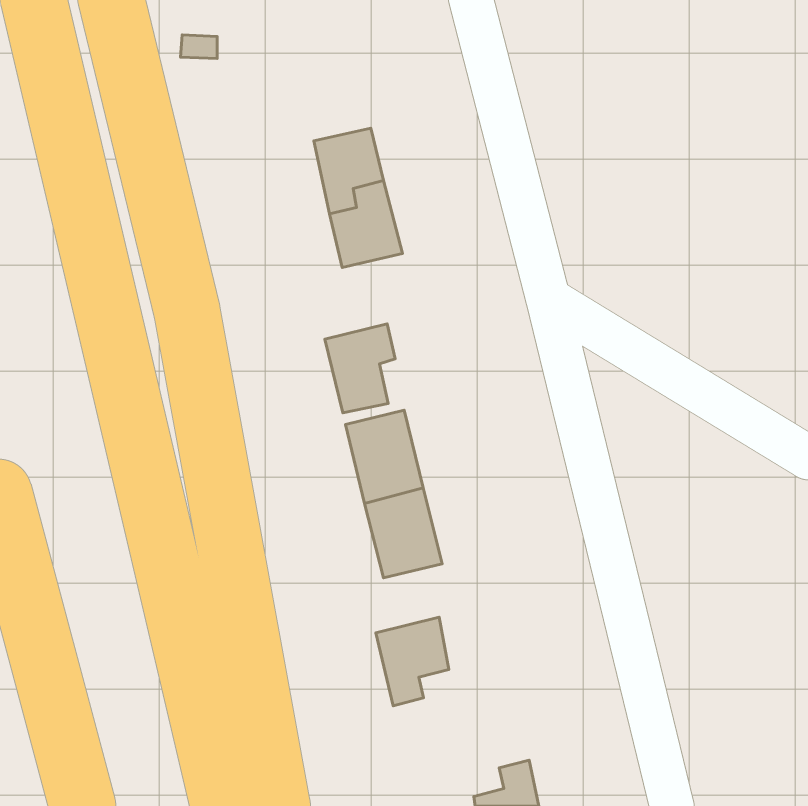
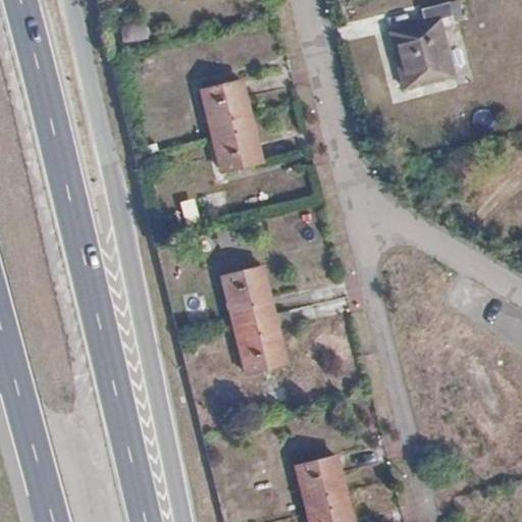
building: none -> [402,11,469,87]
building: [325,324,395,413] -> none
building: [376,617,449,706] -> [294,456,341,513]

